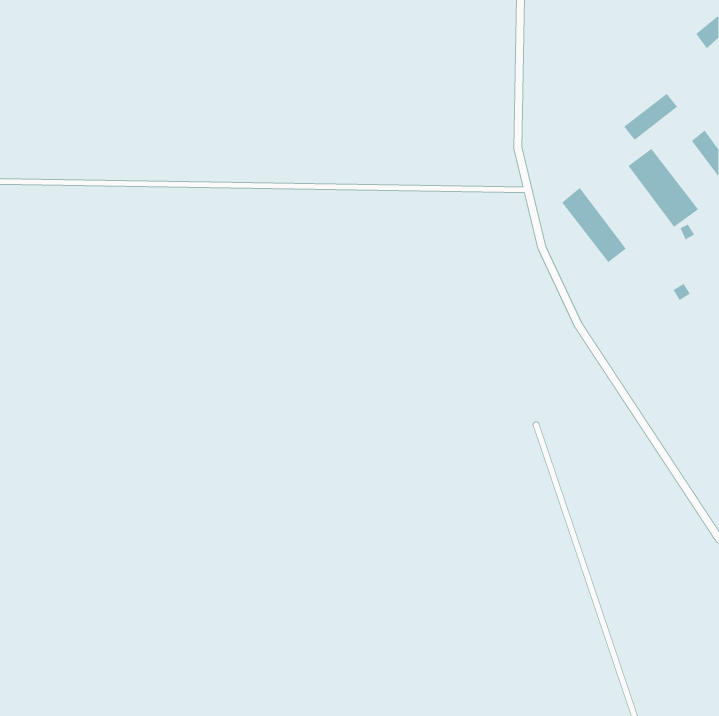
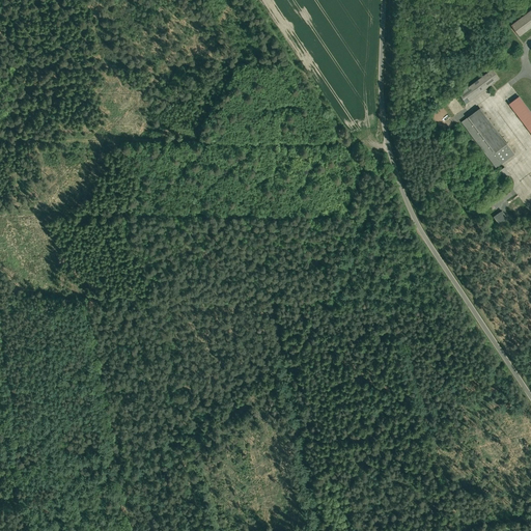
building: [561,187,627,263] -> none

